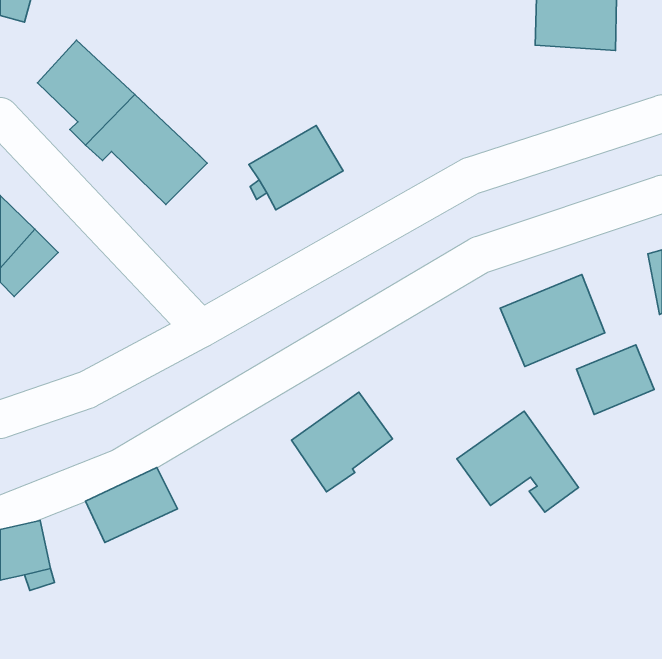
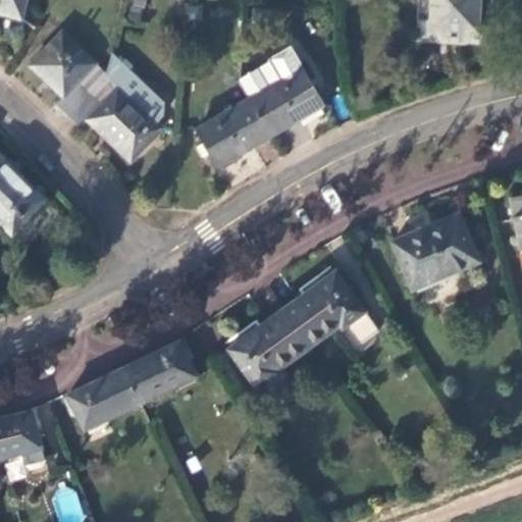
building: none -> [238,48,322,135]
building: none -> [106,52,165,122]
building: [577,345,654,415] -> none
building: [457,411,578,512] -> [282,271,378,351]
building: none -> [123,341,197,401]

